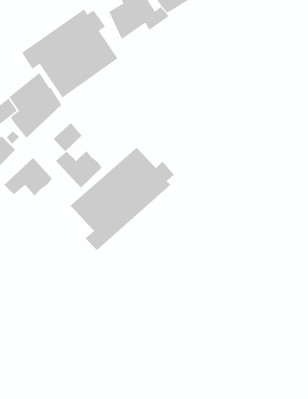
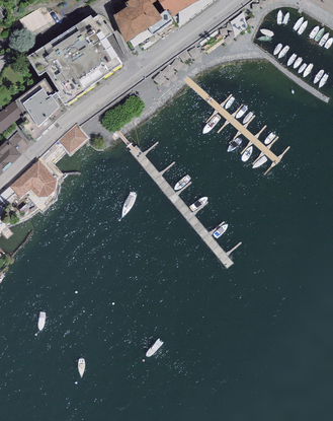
building: [69,147,175,251] -> none
building: [55,150,102,188] -> none

